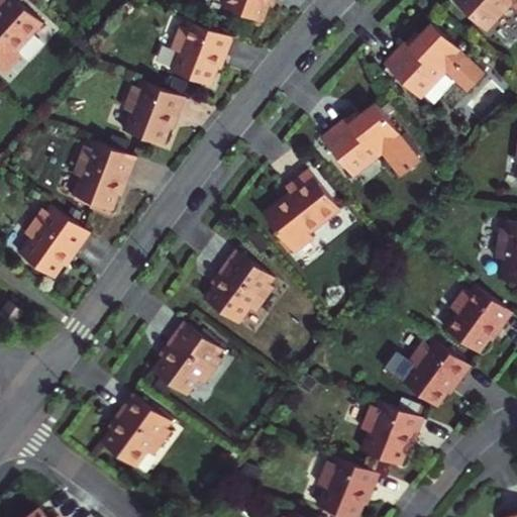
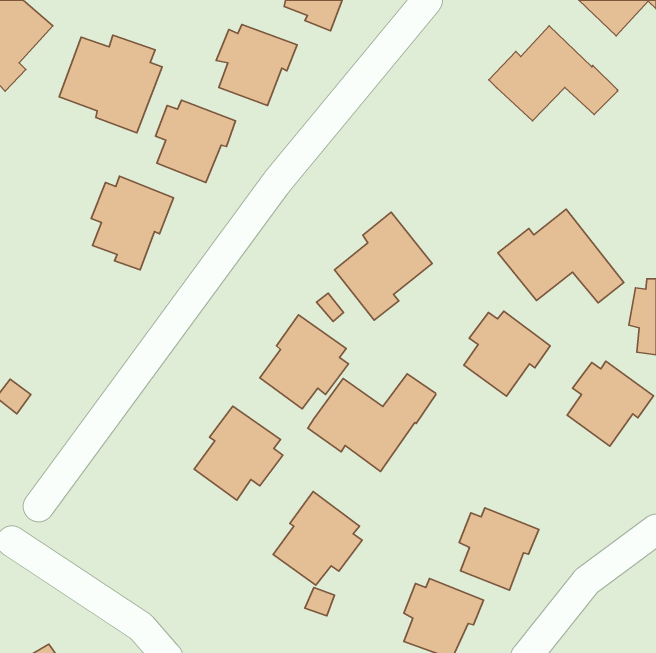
building: none -> [59,35,162,133]
building: [321,104,420,178] -> [498,209,624,303]
building: [19,207,91,279] -> none
building: none -> [308,374,436,472]
building: [403,340,471,407] -> [464,311,550,396]
building: [101,394,171,468] -> [273,491,362,585]

